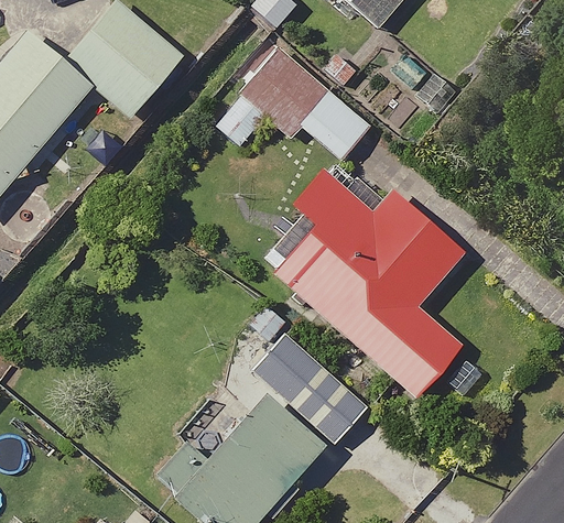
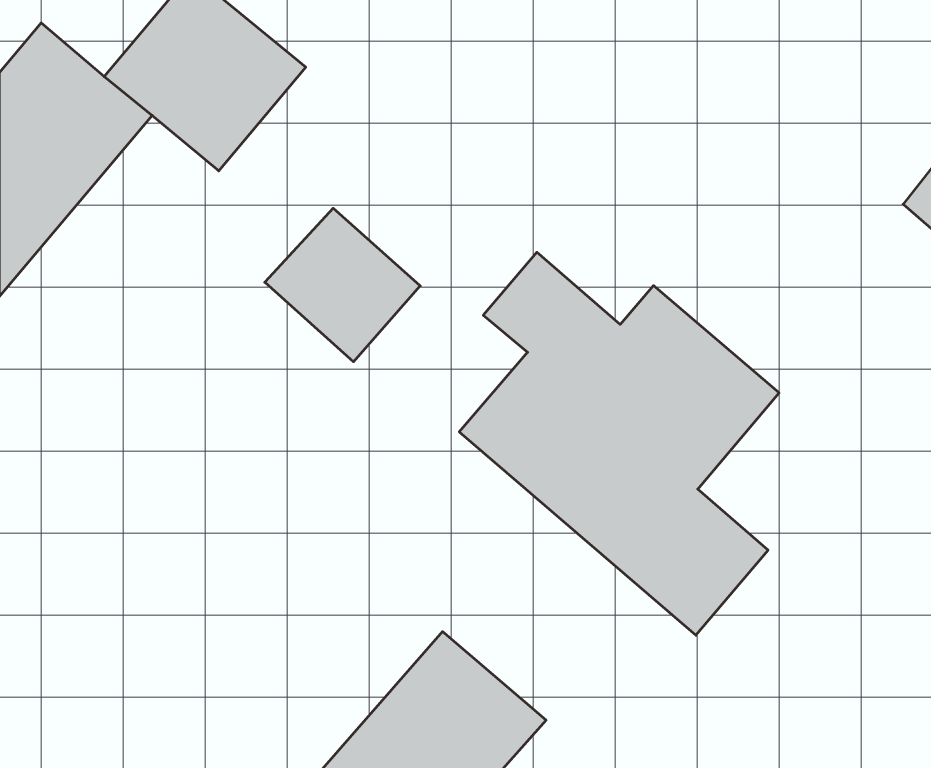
building: [238,48,330,140] -> [265,208,420,362]
building: [252,334,368,445] -> none

